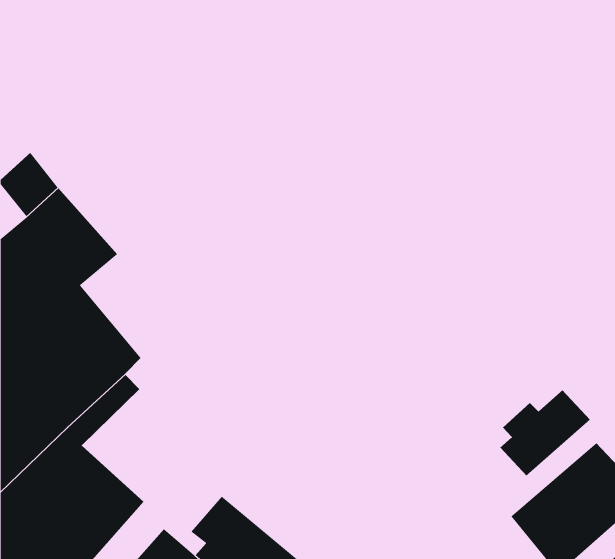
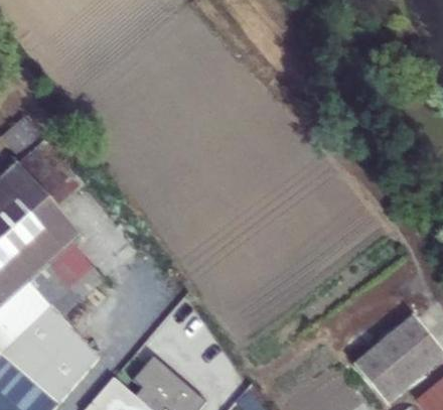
building: [499,389,591,477] -> none

